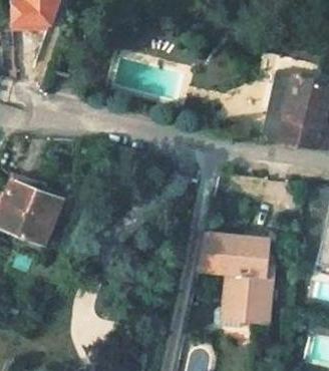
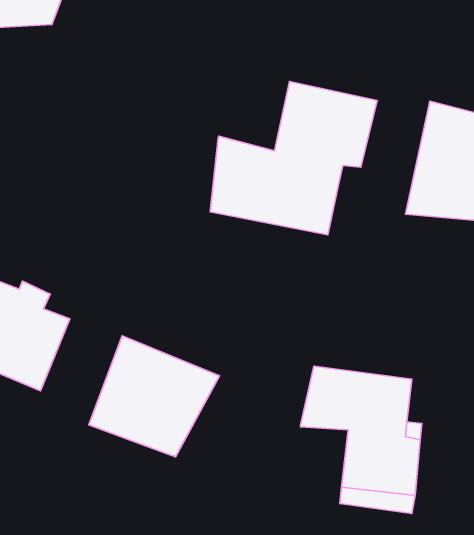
building: none -> [210,82,377,235]
building: none -> [89,336,220,457]

